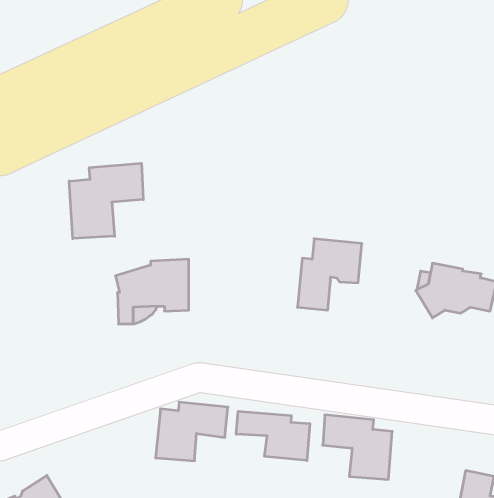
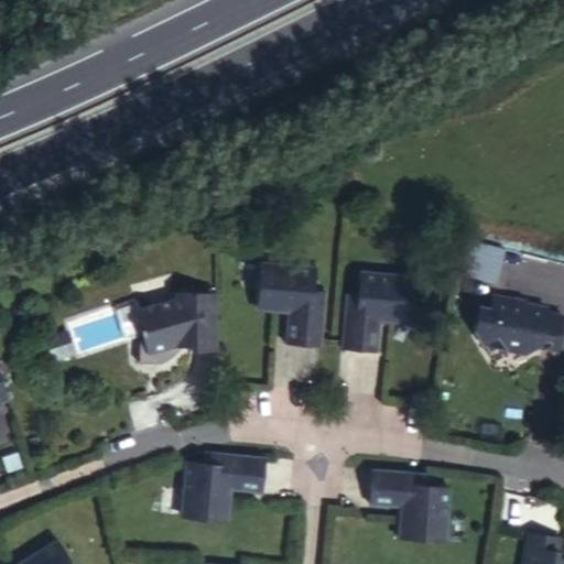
building: [69,163,143,239] -> none
building: none -> [259,264,326,347]
building: [236,411,310,461] -> none

